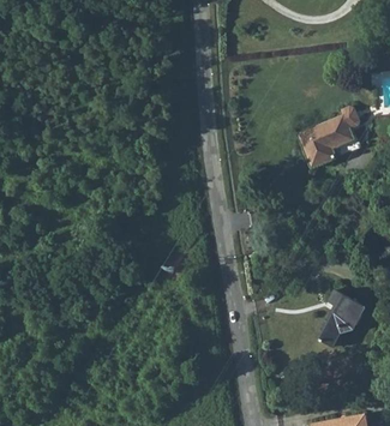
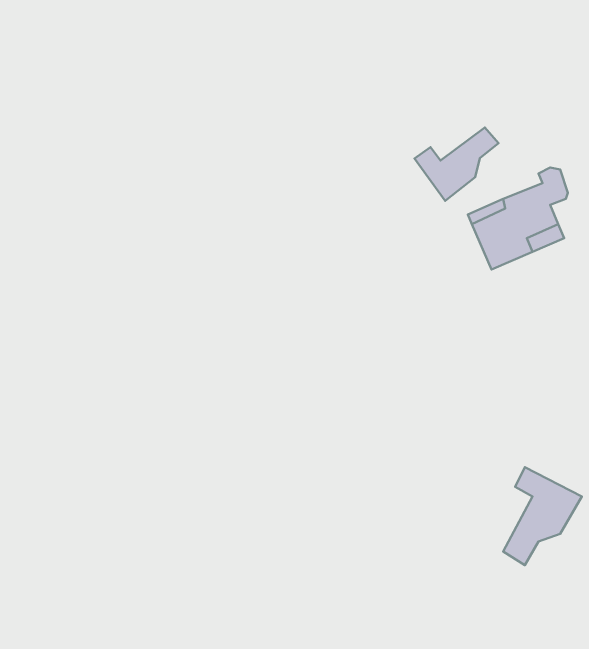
building: none -> [415,128,499,201]

